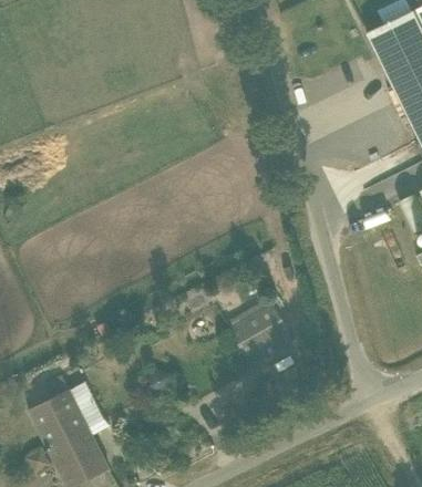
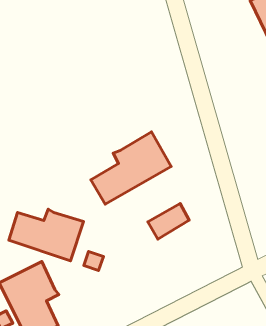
building: none -> [91,132,171,204]
building: none -> [9,209,83,261]

